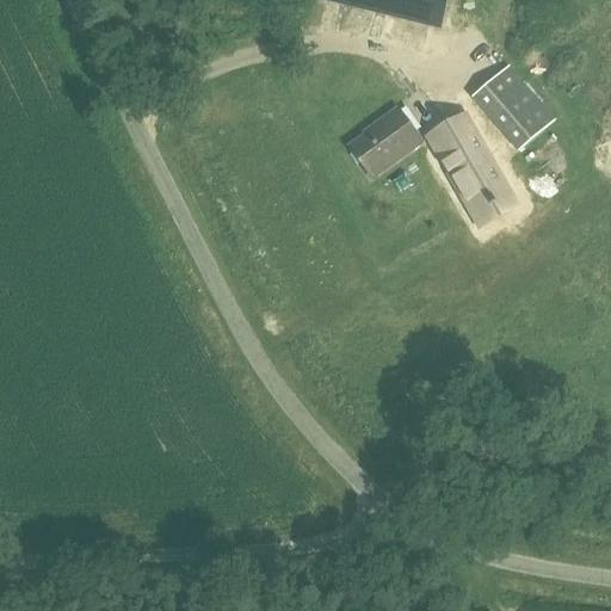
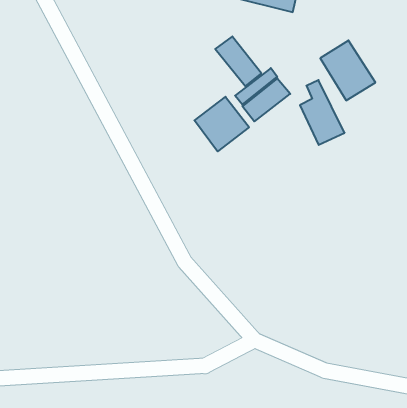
building: none -> [215,36,261,86]
building: none -> [194,97,249,151]

